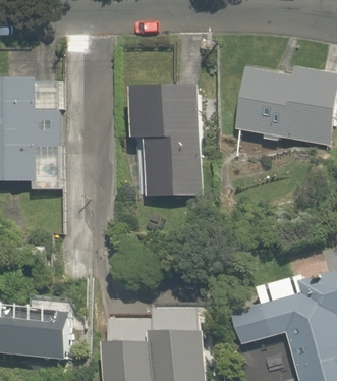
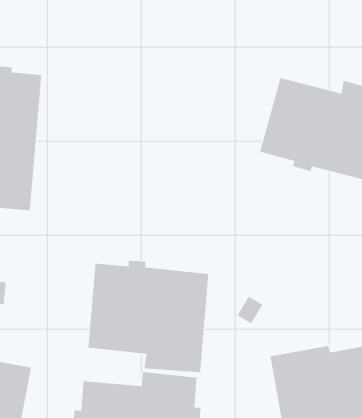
building: [129,86,201,196] -> none
building: none -> [87,260,209,373]

